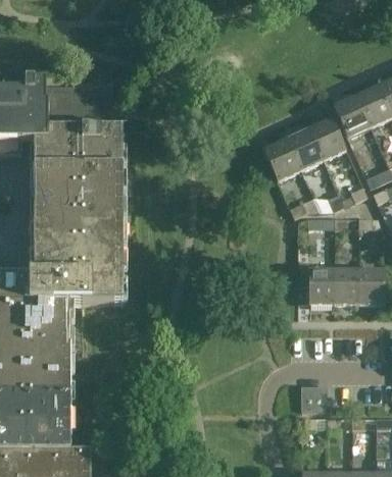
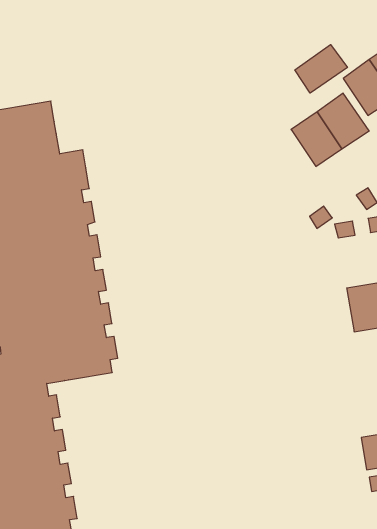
building: none -> [295,45,347,93]
building: [262,139,300,181] -> none

